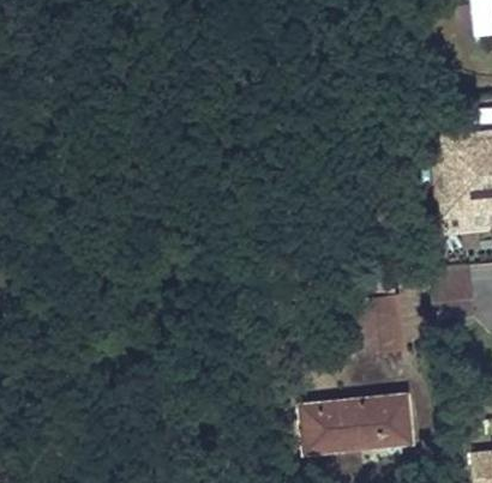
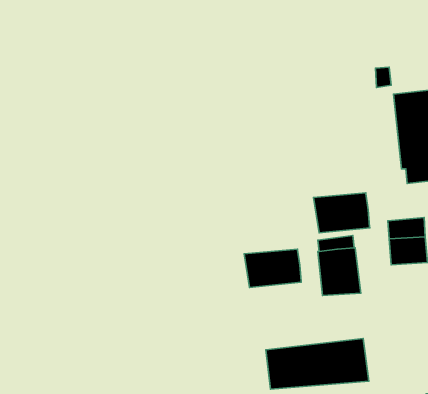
building: none -> [314,193,370,233]
building: none -> [244,249,301,288]

